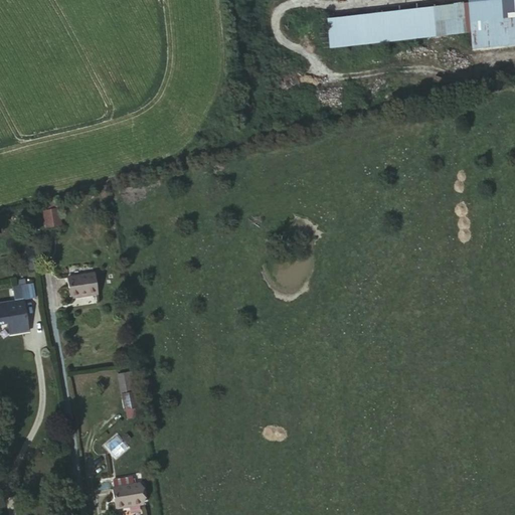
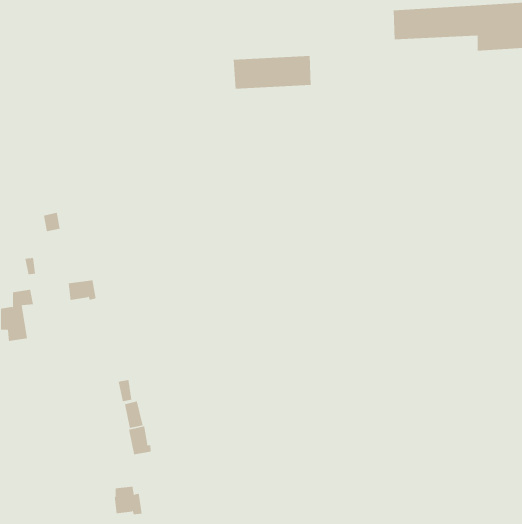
building: [311,10,388,43] -> [233,55,312,89]
building: none -> [128,426,151,455]

